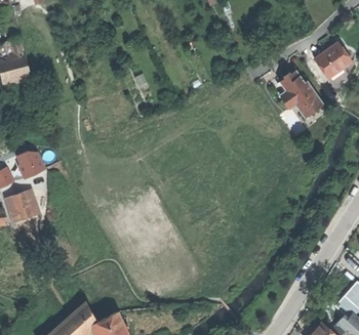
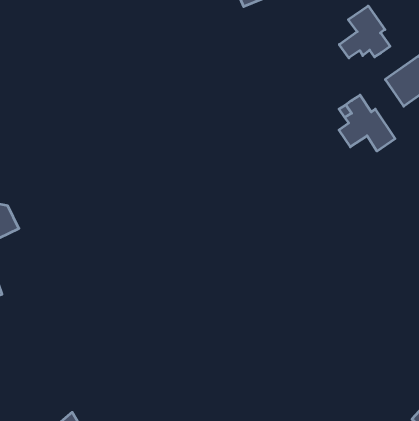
building: none -> [339,6,390,58]

